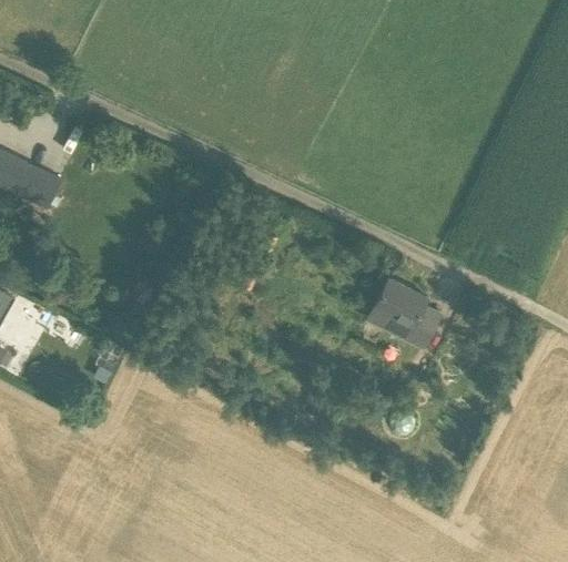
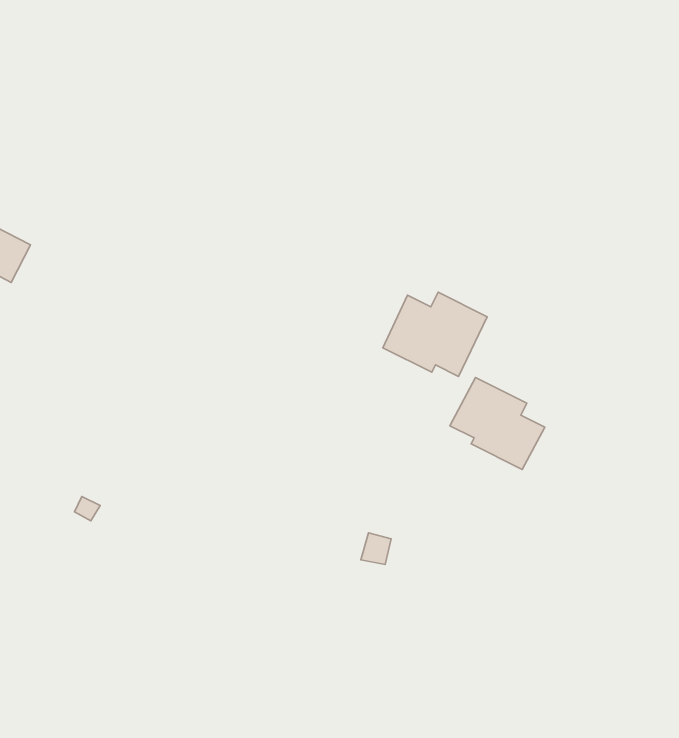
building: none -> [383,292,487,376]

